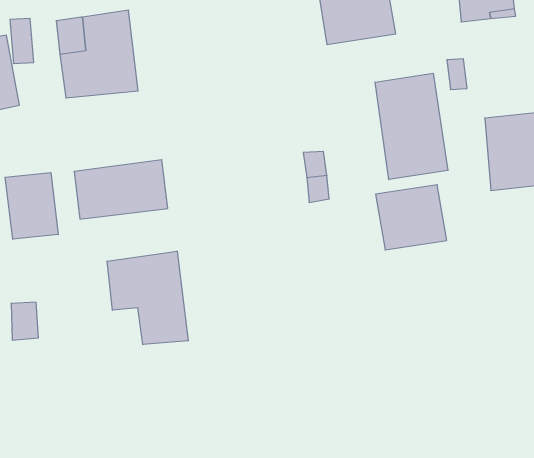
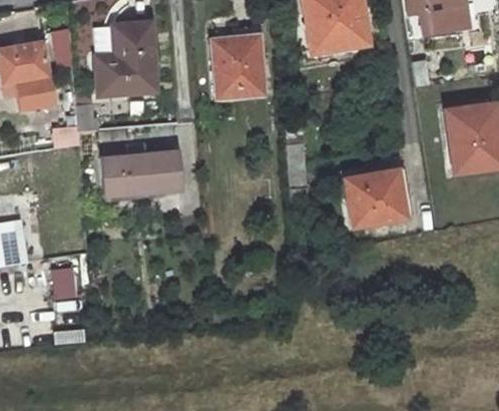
building: none -> [214,31,272,95]
building: [375,73,448,180] -> none
building: [5,173,58,239] -> none
building: [107,251,188,345] -> none

